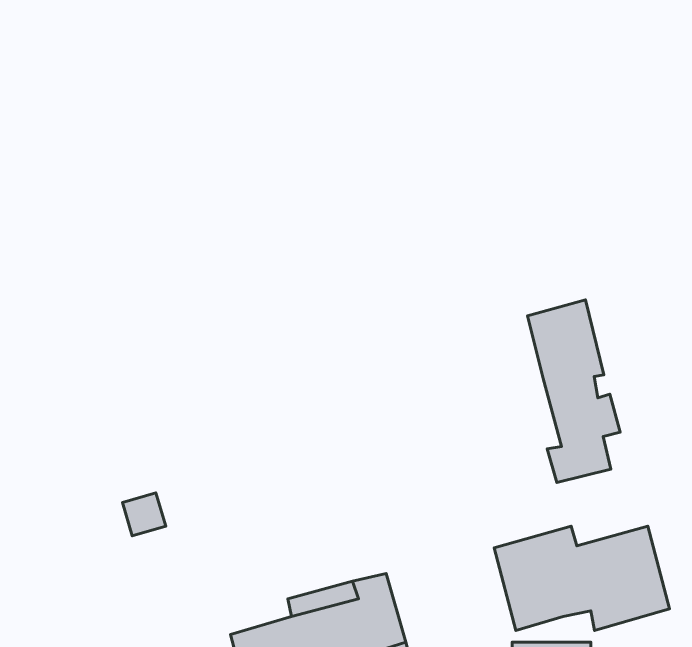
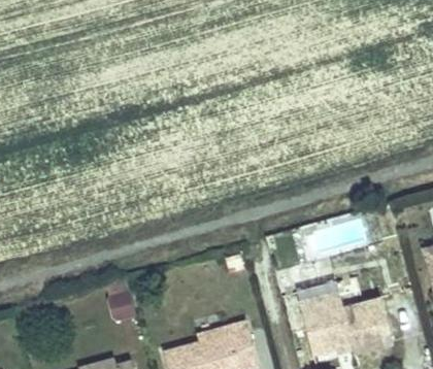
building: [528,300,620,483] -> none

